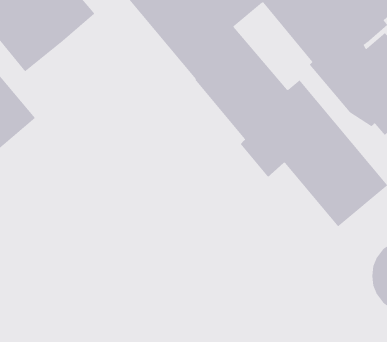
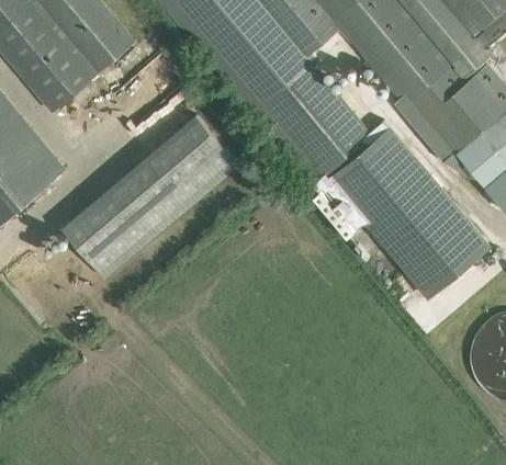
building: none -> [63,113,244,276]

